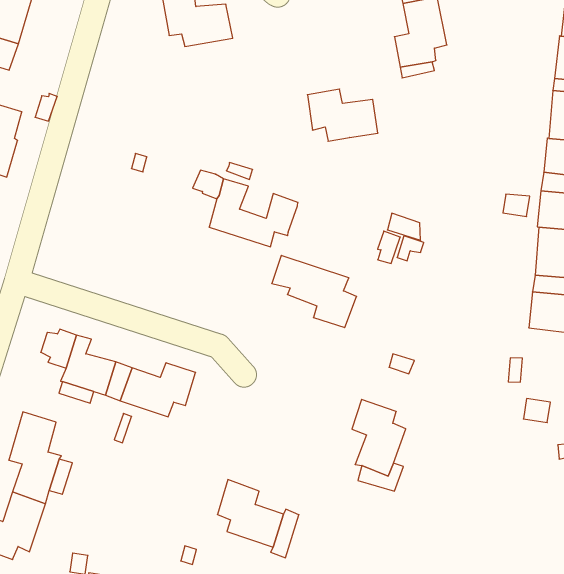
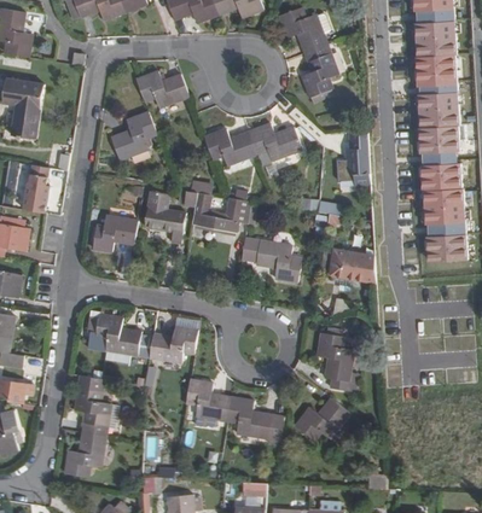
building: none -> [109,107,155,153]
building: none -> [199,122,252,159]
building: none -> [342,130,367,186]
building: none -> [143,190,185,244]
building: none -> [91,212,137,251]
building: none -> [325,246,373,281]
building: none -> [185,384,231,426]
building: none -> [294,401,349,444]

